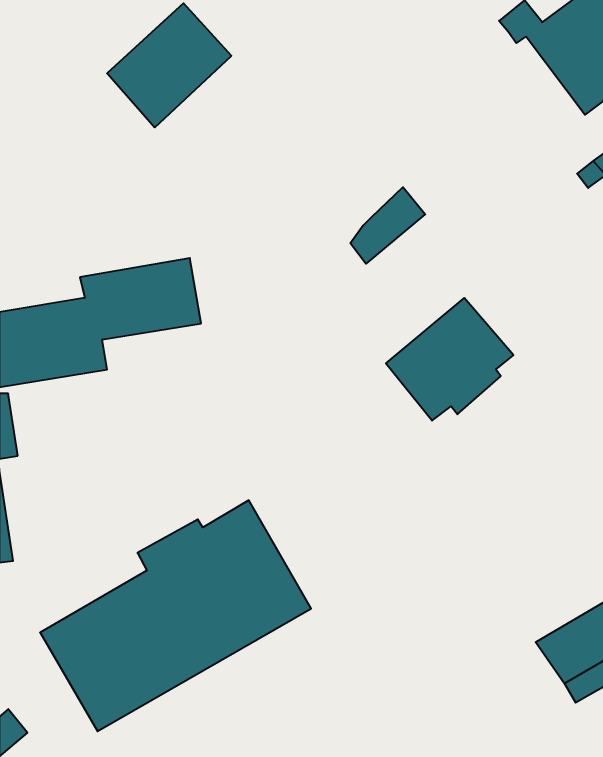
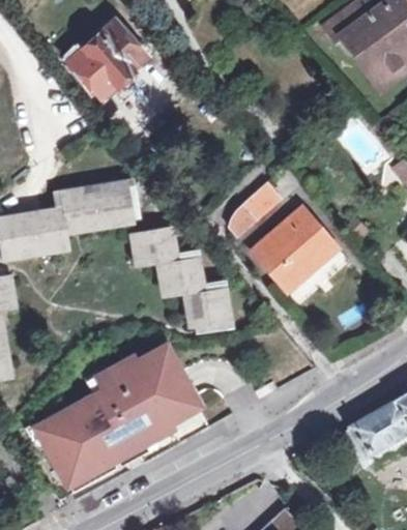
building: [350,187,425,264] -> [234,182,283,232]
building: none -> [127,225,229,327]

